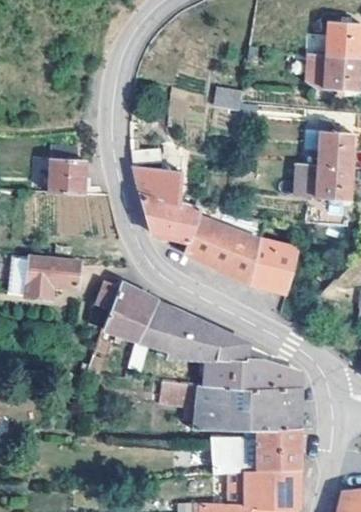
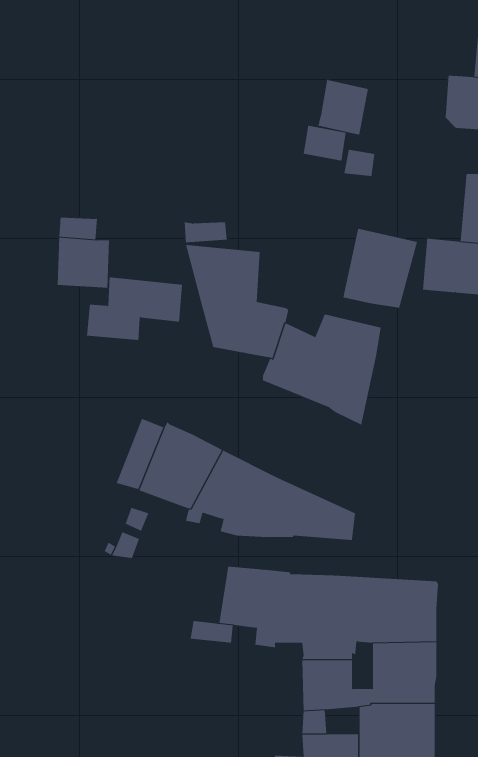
building: none -> [318,79,368,135]
building: [252,239,302,292] -> [342,228,418,308]
building: [17,257,81,299] -> [86,277,183,340]
building: [205,358,307,390] -> none

